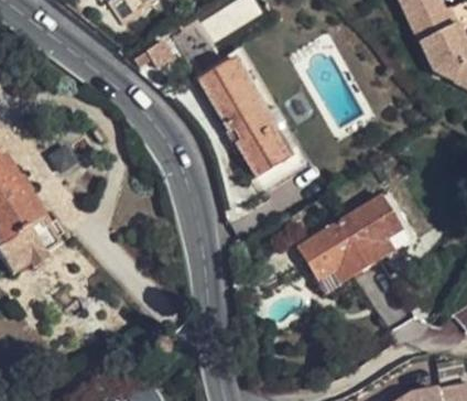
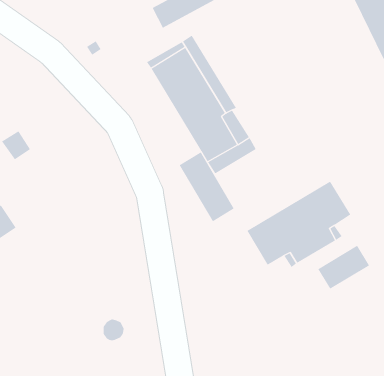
building: none -> [179,151,235,222]
building: none -> [317,245,370,290]

